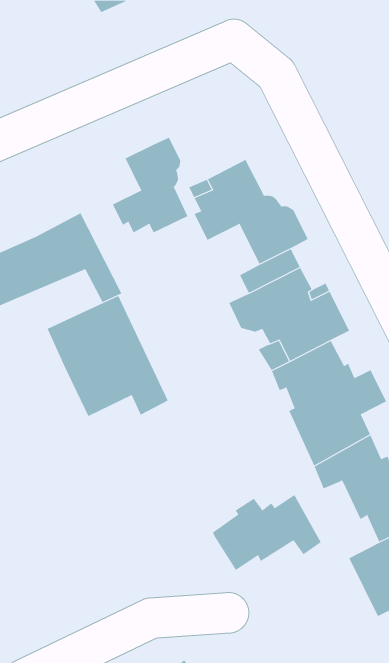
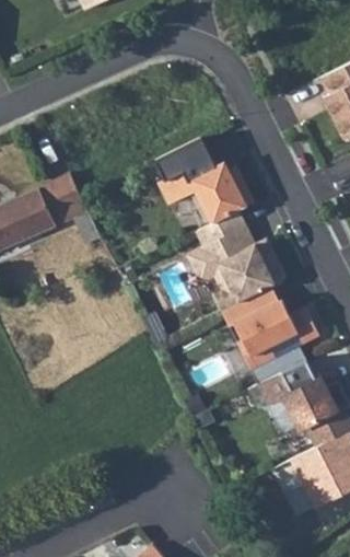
building: [112,137,188,233] -> none
building: [47,295,169,417] -> none
building: [212,494,321,571] -> none

